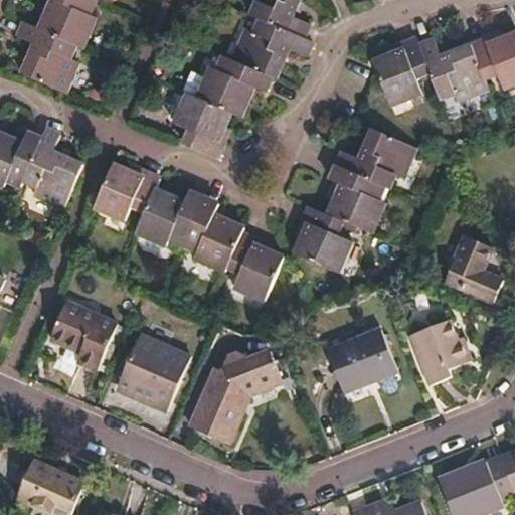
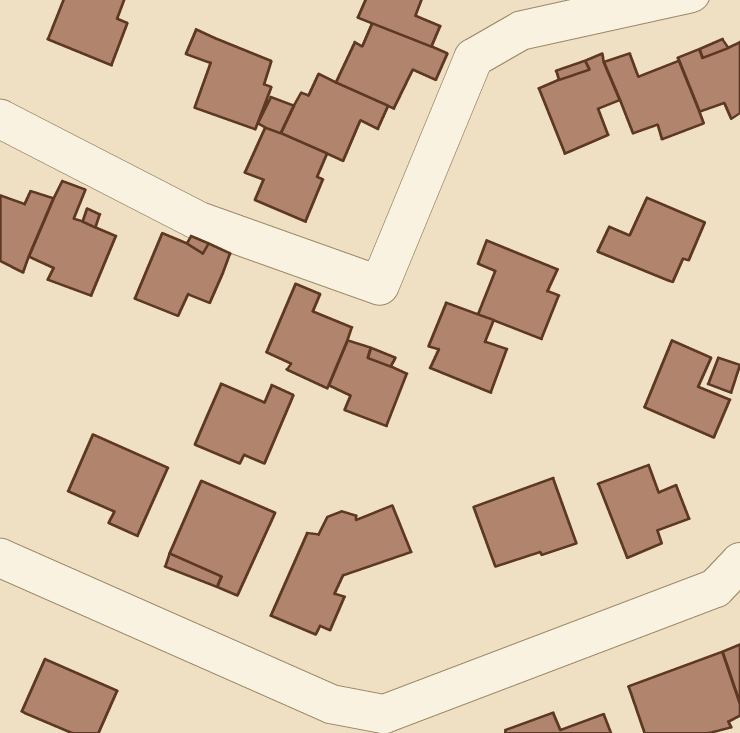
building: [13,21,72,91] -> [186,29,271,129]
building: [338,130,412,188] -> [598,198,705,282]
building: [137,189,205,244] -> [195,384,293,463]

